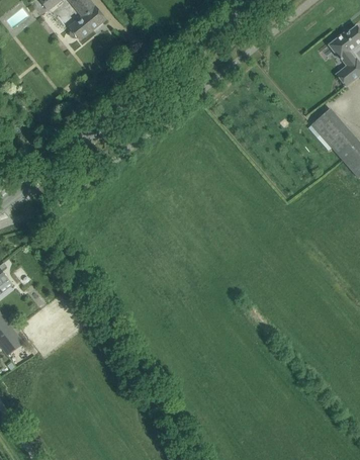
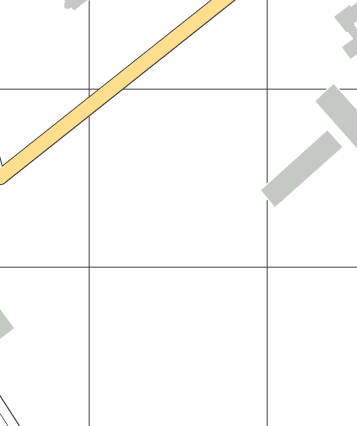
building: none -> [260,129,343,208]

